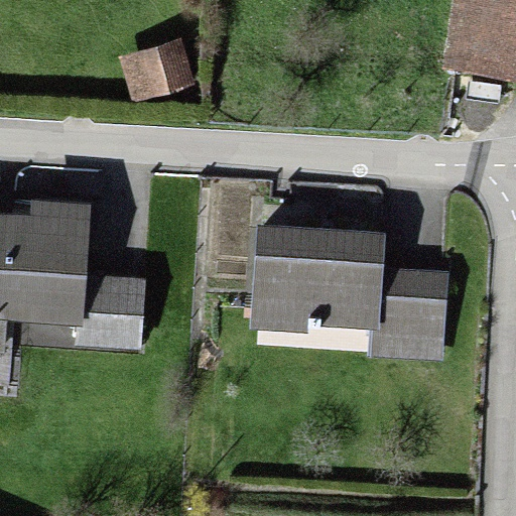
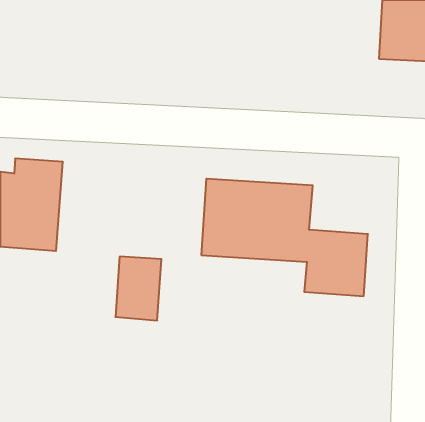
building: [122,44,198,110] -> none
building: [83,272,138,349] -> [115,257,161,320]

